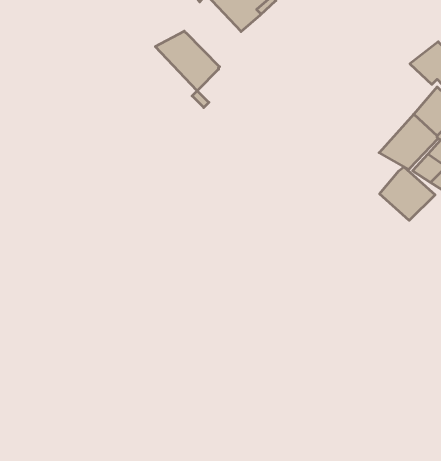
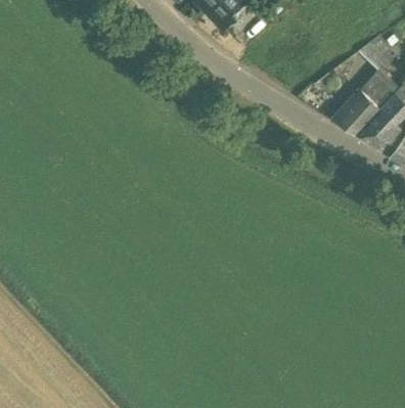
building: [155,31,220,91] -> none
building: [380,167,435,220] -> none

